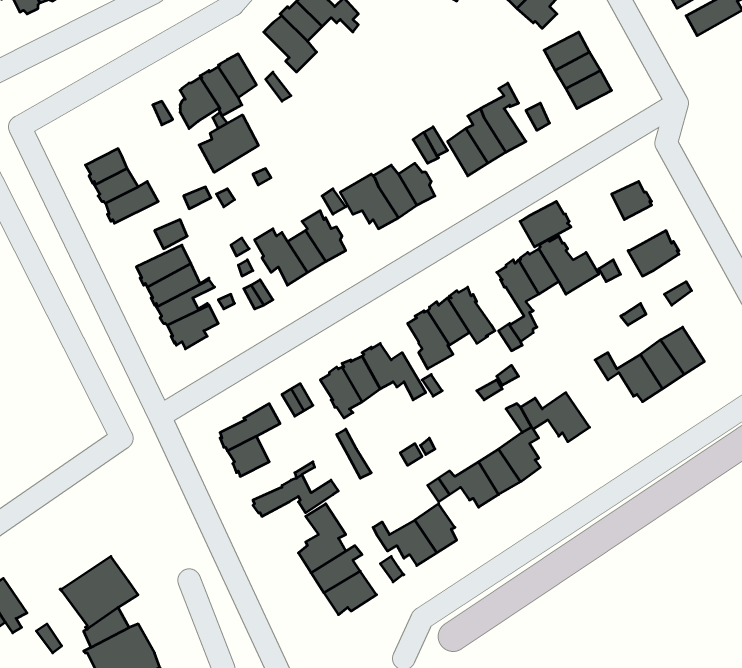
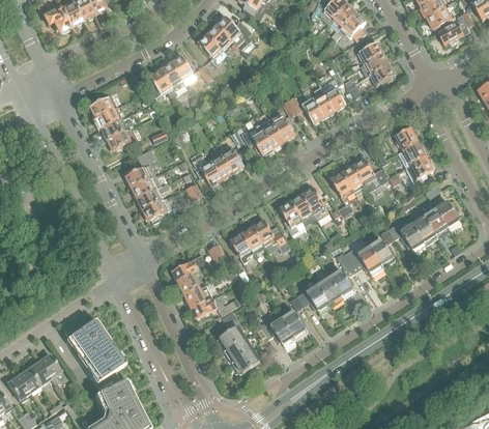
building: [199,115,258,172] -> none
building: none -> [89,93,116,117]
building: [520,201,571,247] -> [397,140,426,166]
building: none -> [435,200,461,229]
building: none -> [369,228,395,266]
building: none -> [183,283,212,308]
building: none -> [63,316,110,359]

